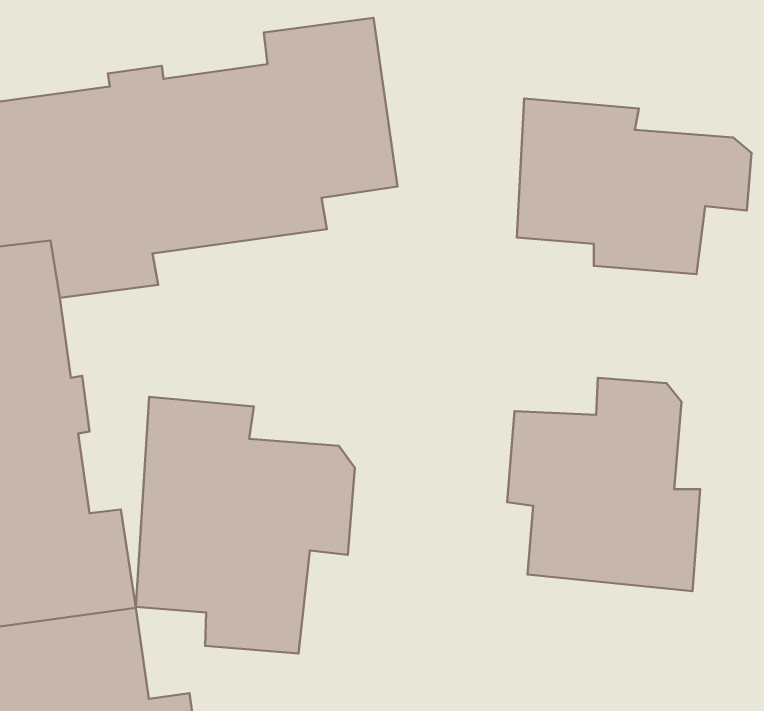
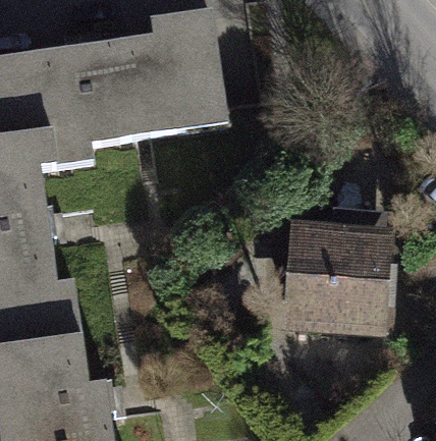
building: [517,99,751,274] -> none
building: [136,397,355,653] -> none

